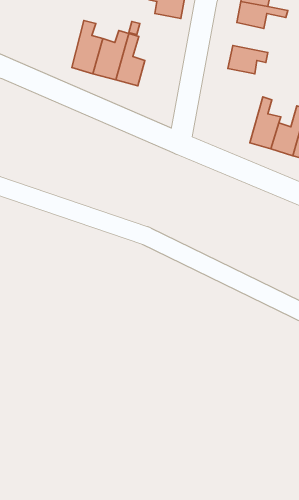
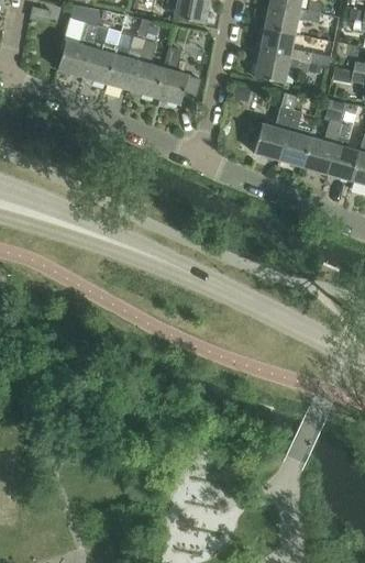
building: none -> [57,22,96,77]
building: none -> [259,27,312,63]
building: none -> [155,46,188,104]
building: none -> [253,93,296,159]

